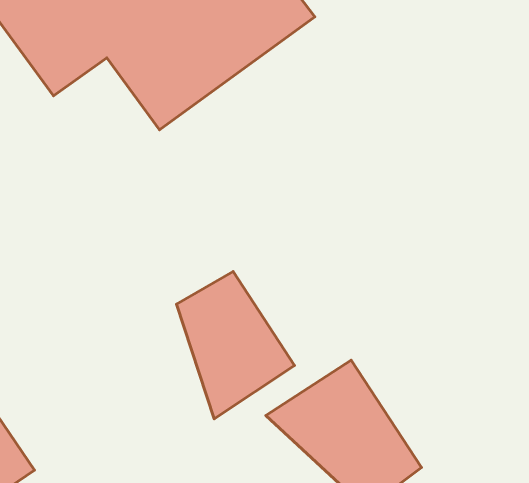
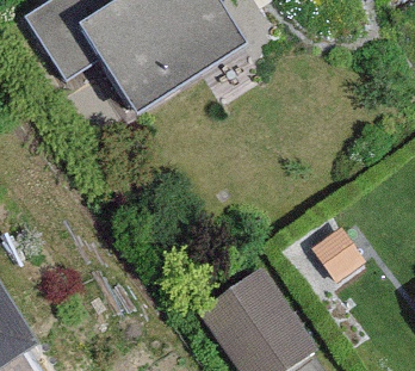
building: [177,272,295,419] -> none

